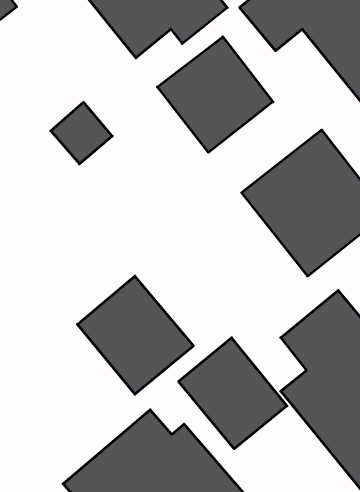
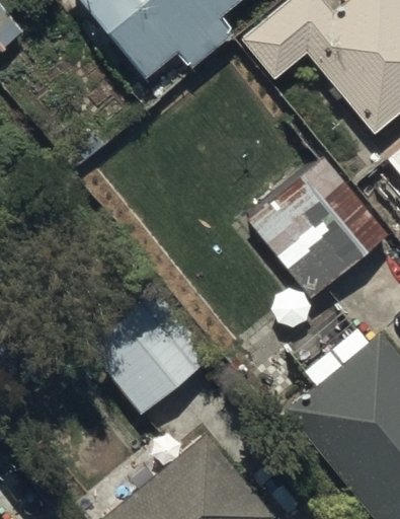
building: [157,37,273,152] -> none
building: [179,338,287,449] -> none

